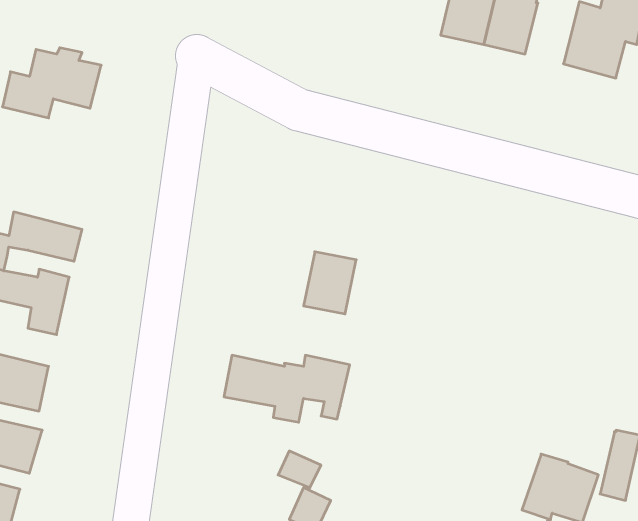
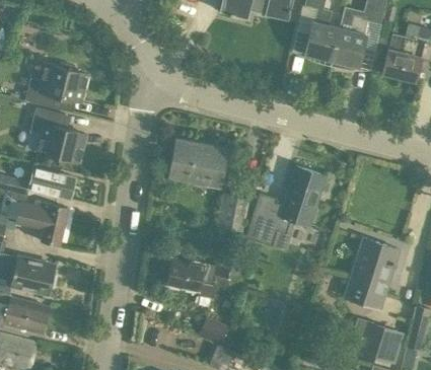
building: none -> [30,107,86,162]
building: none -> [169,139,228,188]
building: none -> [245,166,326,246]
building: none -> [345,238,400,309]

